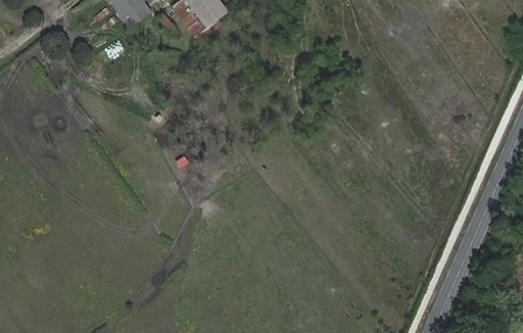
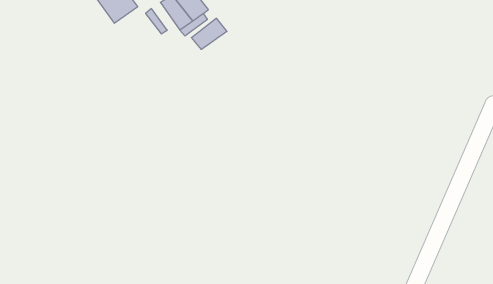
building: none -> [191,18,227,49]

